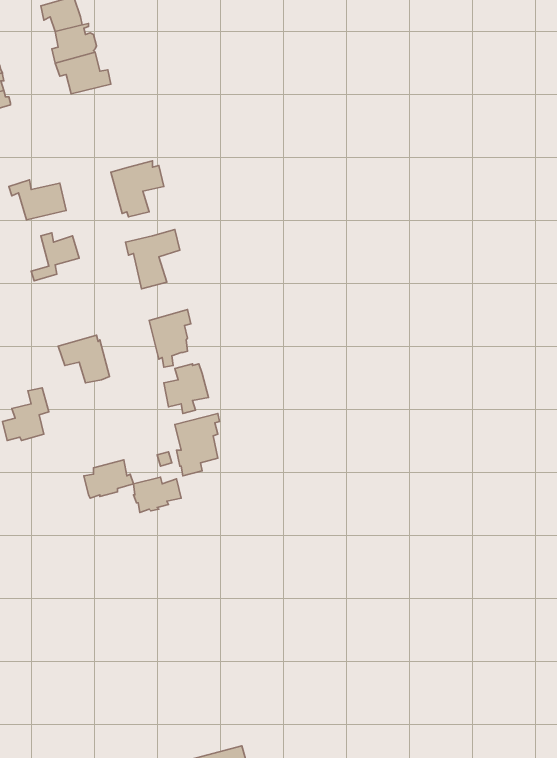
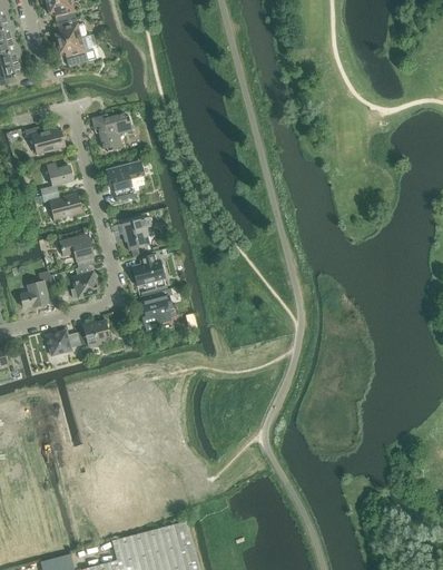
building: none -> [32,191,80,219]
building: none -> [70,265,97,298]
building: [133,477,181,512] -> [46,331,79,355]

